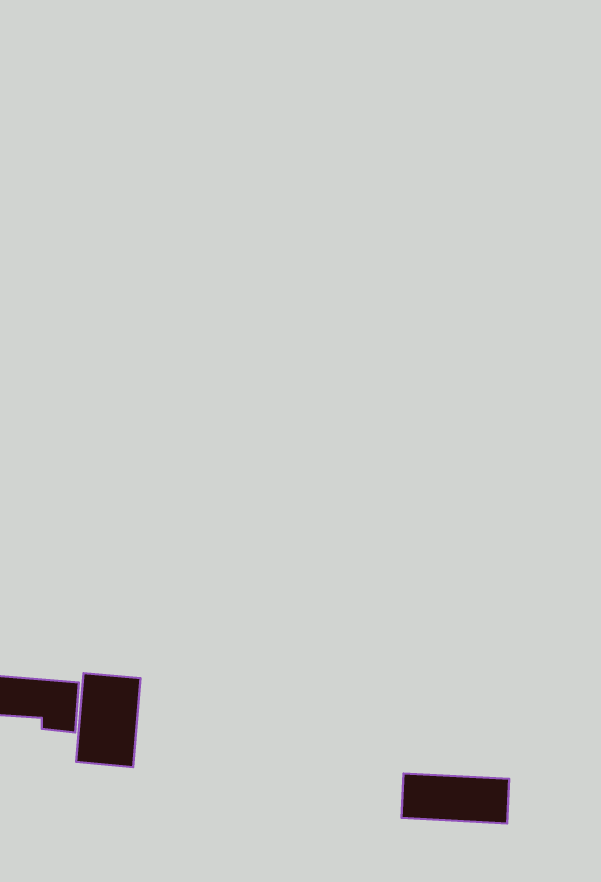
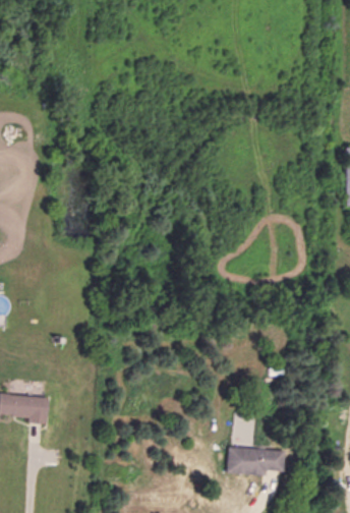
building: [76,673,140,767] -> none

